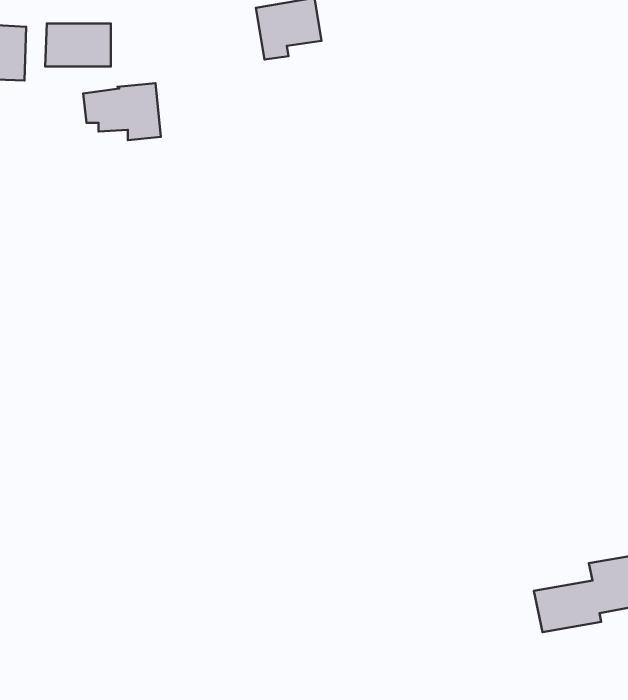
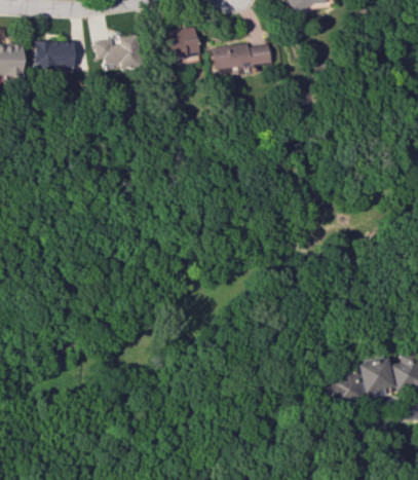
building: none -> [213,43,270,69]
building: [83,83,161,140] -> [94,35,141,69]

